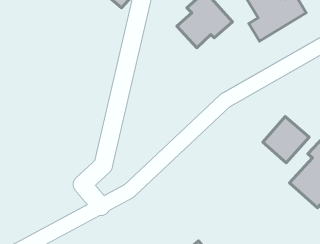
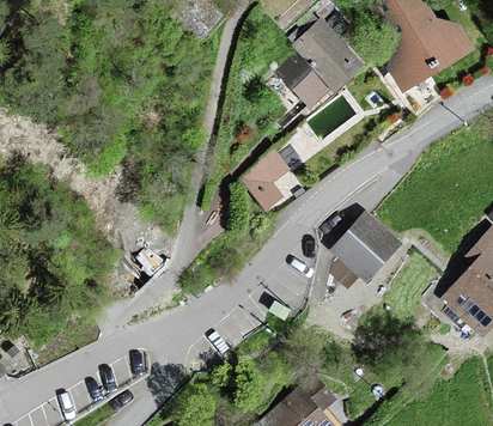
building: none -> [242,154,286,211]
building: [263,116,309,163] -> [333,214,400,281]

